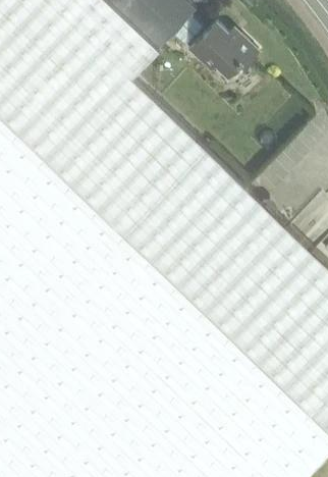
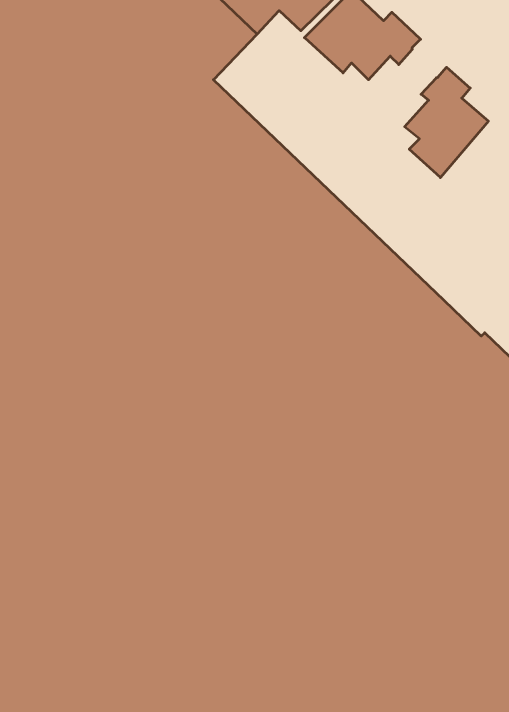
building: none -> [405,67,488,178]

